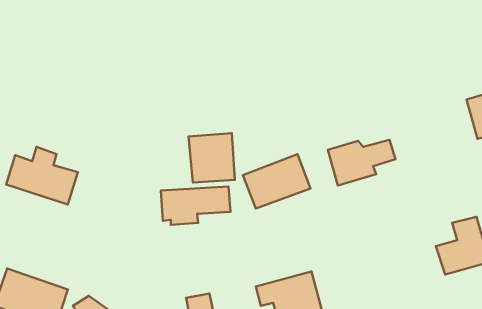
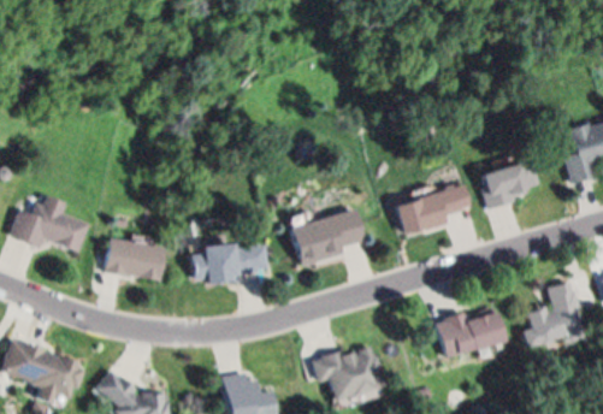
building: none -> [478,156,545,207]
building: [189,133,235,182] -> none
building: none -> [102,239,166,286]
building: none -> [431,308,506,362]

